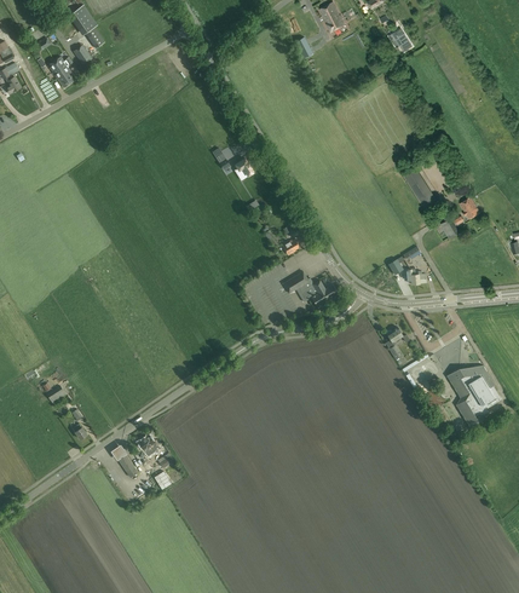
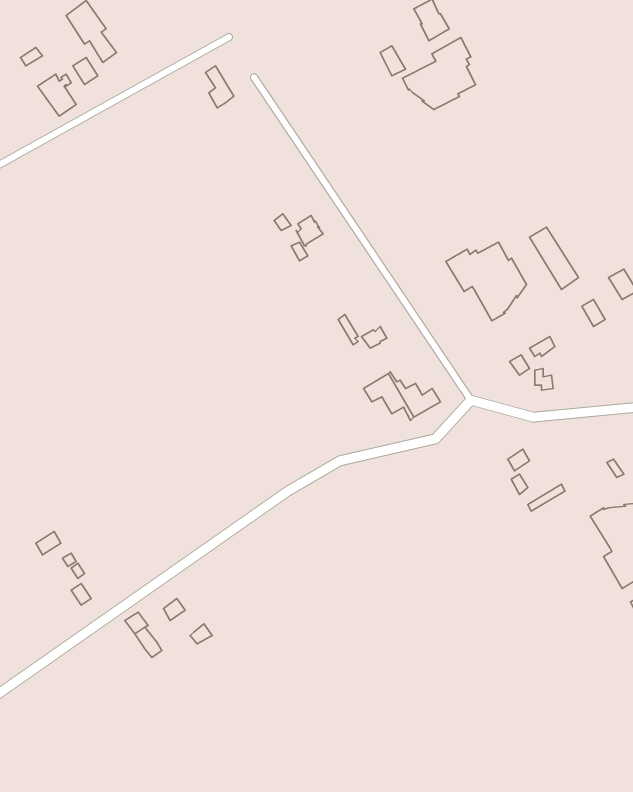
building: none -> [402,38,475,110]
building: none -> [446,242,526,321]

